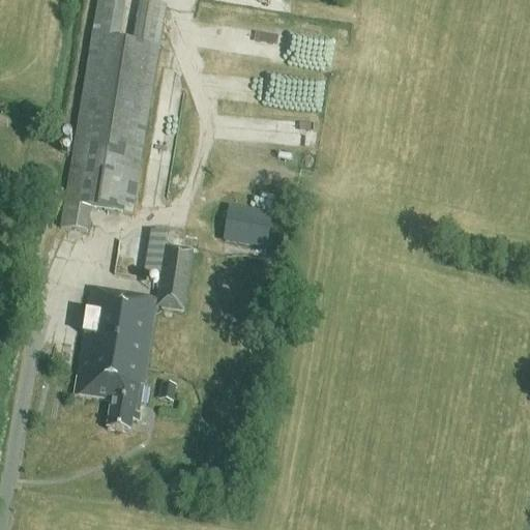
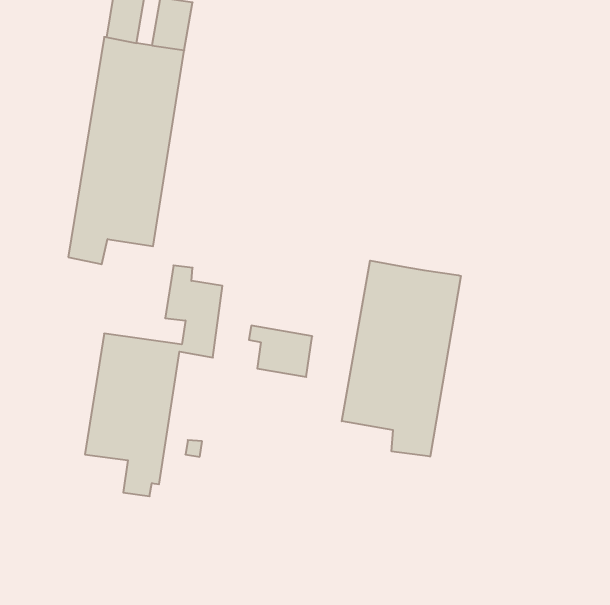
building: [217,202,272,246] -> [249,326,312,377]
building: none -> [342,261,461,457]

